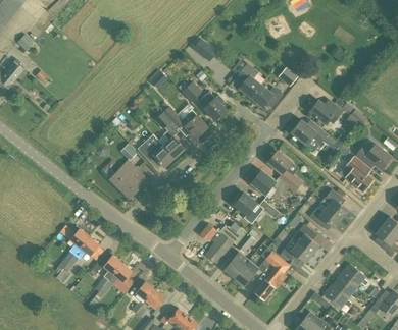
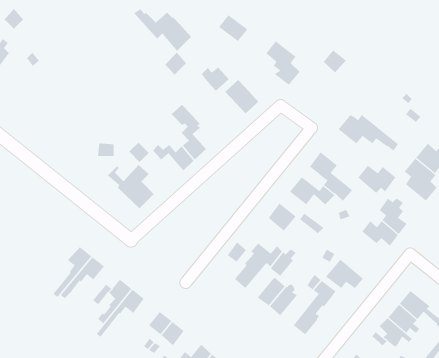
building: [251,86,283,108] -> none
building: [310,101,342,124] -> [358,165,396,194]
building: [159,103,207,139] -> [133,8,192,52]
building: [293,224,319,255] -> none

